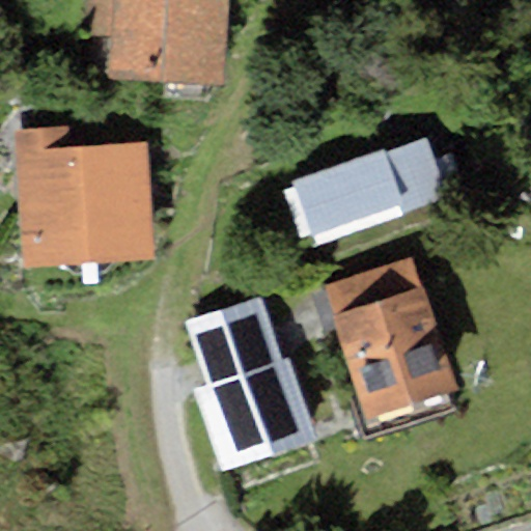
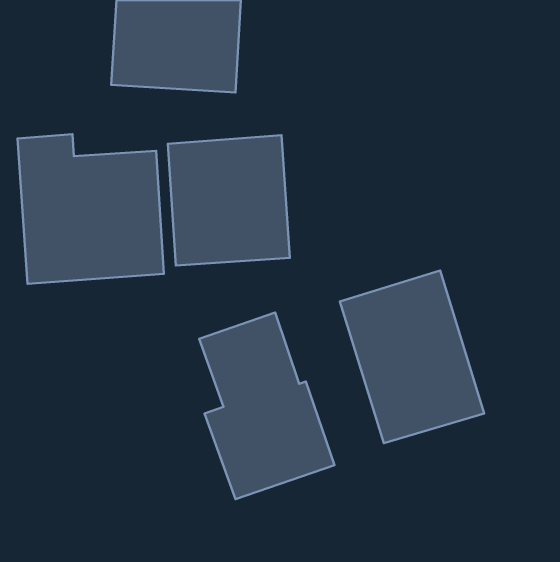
building: none -> [168,135,290,266]
building: [292,139,448,236] -> none

